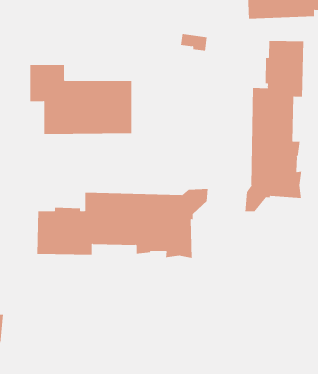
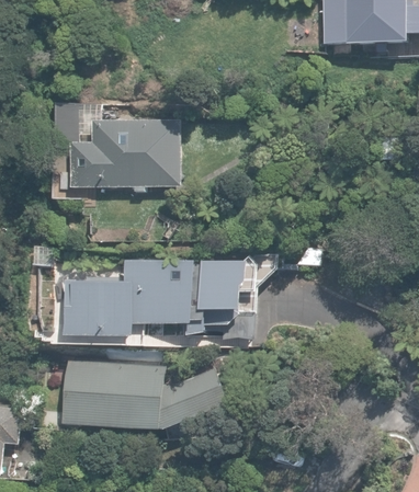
building: [245,40,304,212] -> none
building: none -> [61,358,229,431]

